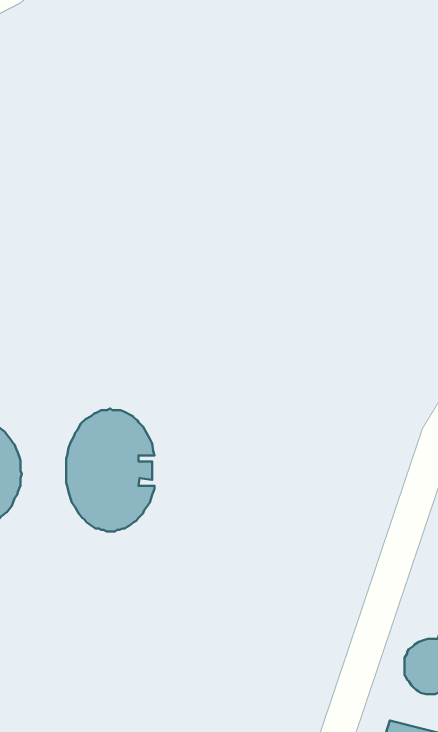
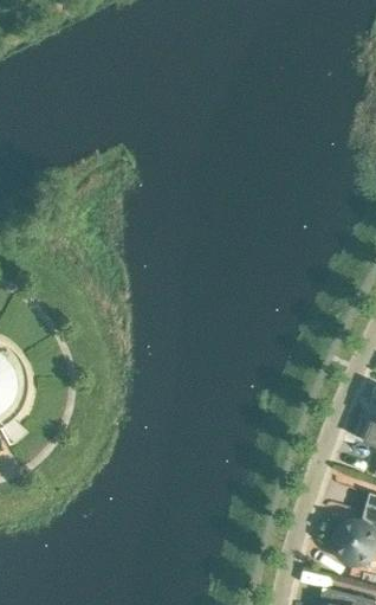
building: [66,408,154,531] -> none

